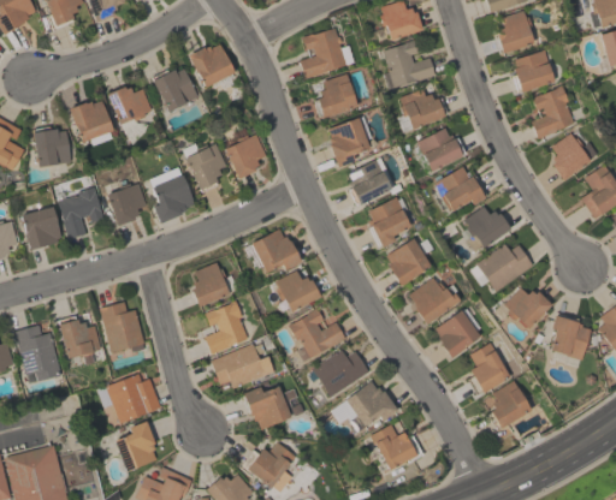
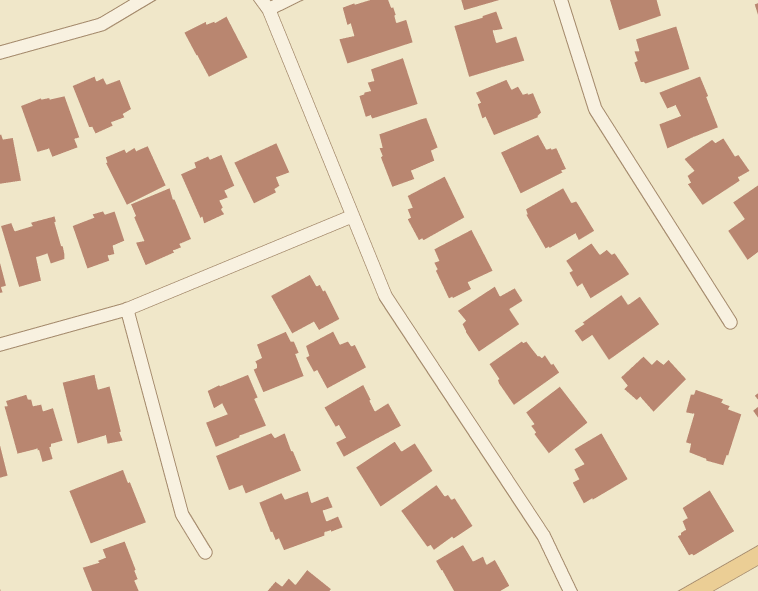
building: [154,69,199,112] -> [105,146,167,206]
building: [192,262,230,306] -> [253,331,304,393]
building: [490,381,532,429] -> [677,490,735,556]

